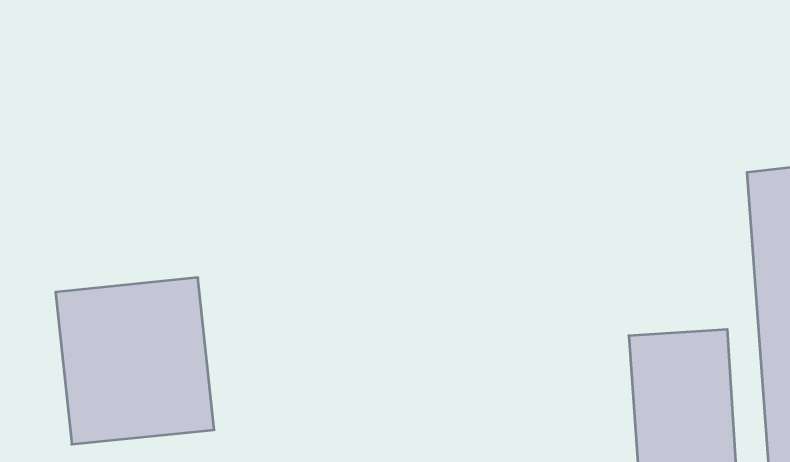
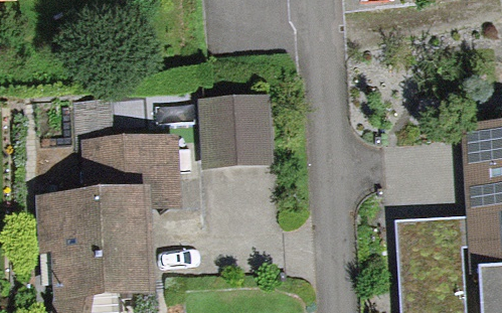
building: none -> [202,99,267,163]
building: none -> [87,136,175,191]

